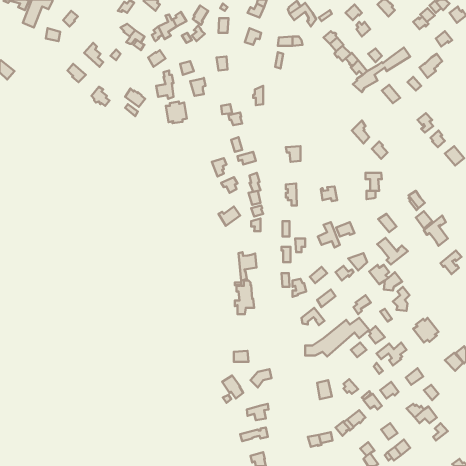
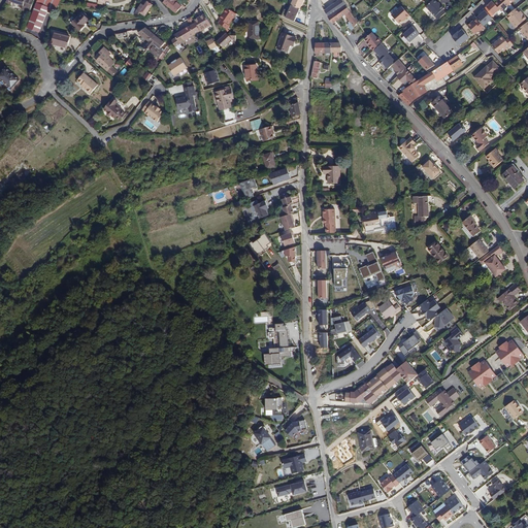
building: [166,102,187,123] -> none
building: [377,238,408,264] -> none
building: [238,252,257,281] -> none
building: none -> [494,339,522,366]

